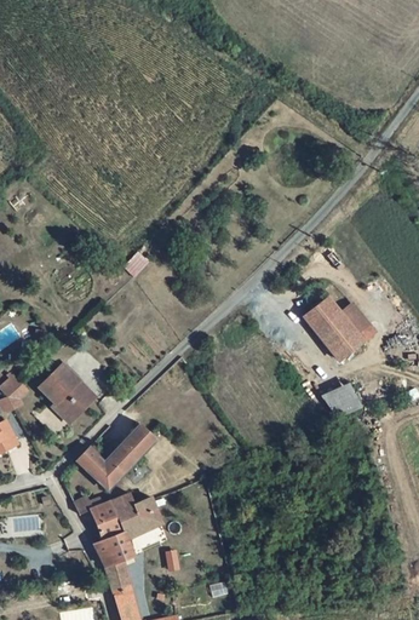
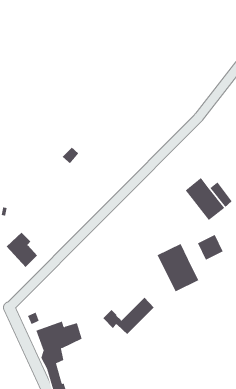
building: none -> [157,243,199,292]
building: [76,432,153,488] -> [102,297,154,335]

